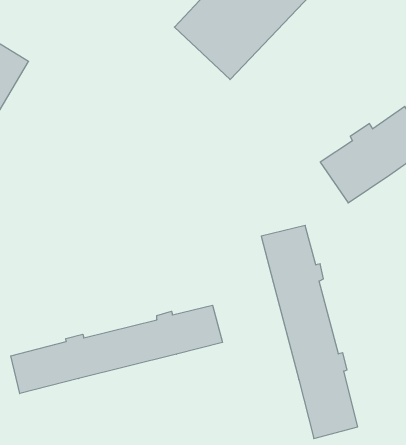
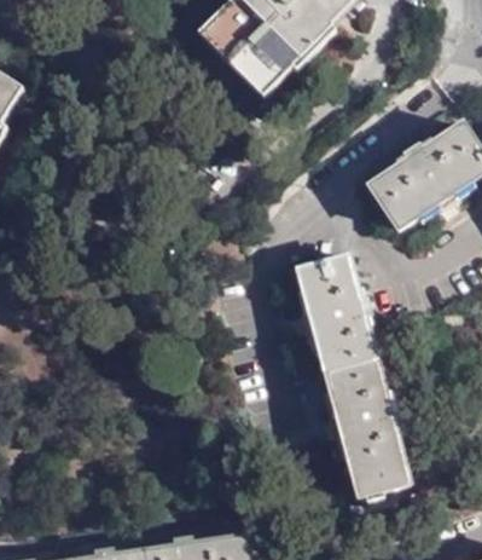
building: [11,305,222,394] -> none

